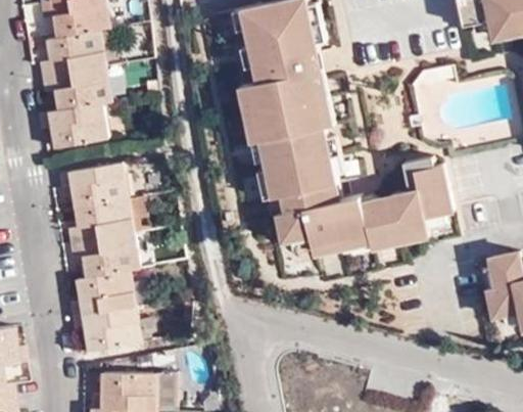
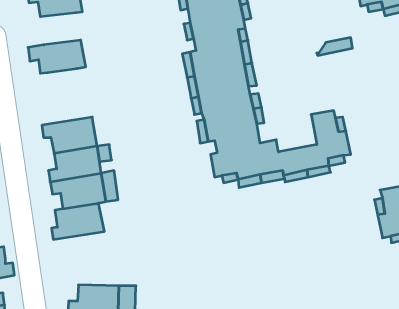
building: [41,34,109,78] -> none
building: [39,104,109,149] -> none
building: [75,310,144,354] -> none

